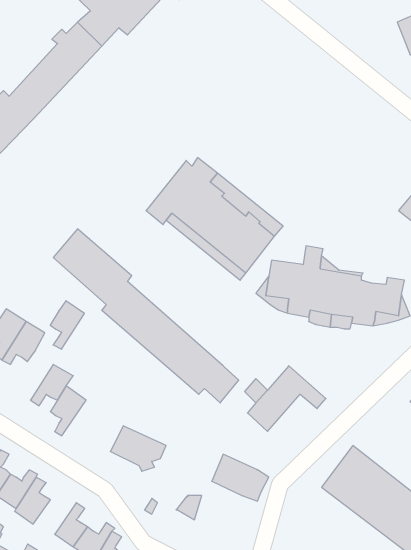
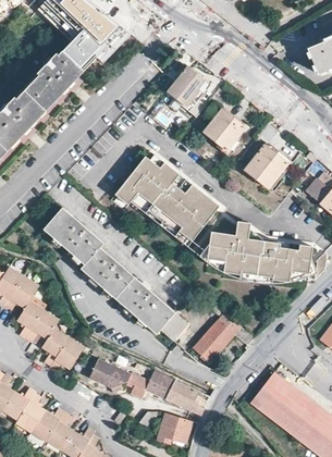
building: none -> [167,64,211,109]
building: none -> [205,107,247,148]
building: none -> [245,141,290,186]
building: [50,301,84,349] -> [19,300,45,337]
building: none -> [50,337,84,370]
building: none -> [126,369,174,399]
building: none -> [29,411,62,442]
building: none -> [155,411,192,443]

